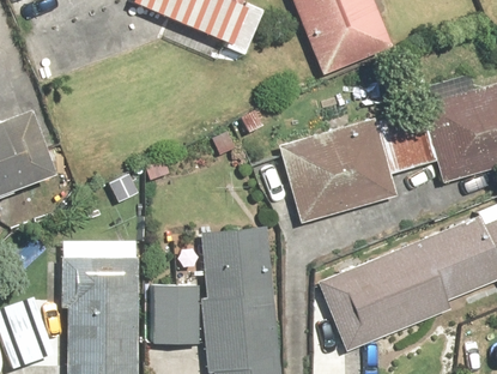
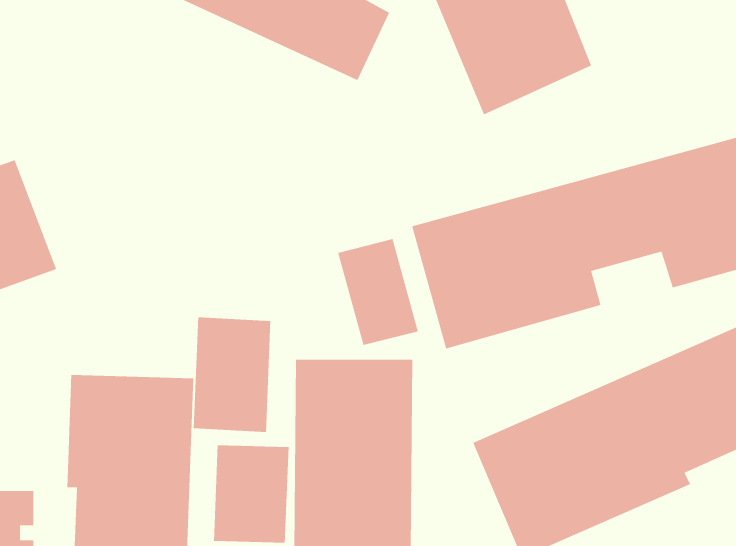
building: none -> [337,238,419,346]
building: none -> [193,316,271,433]

